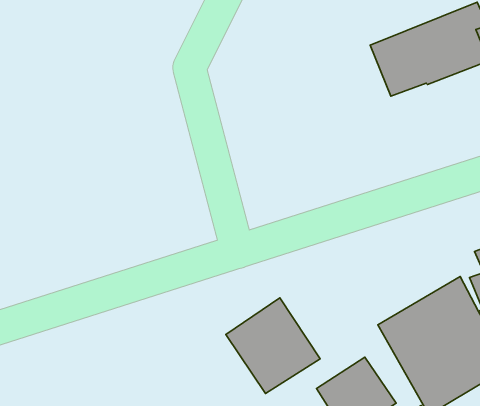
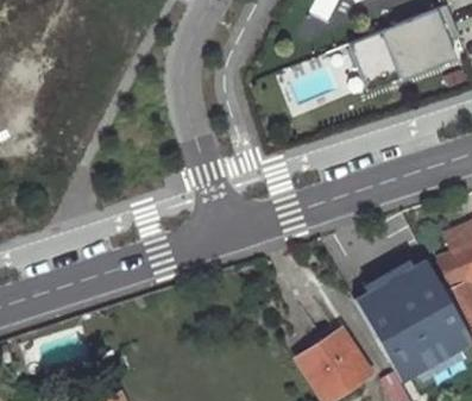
building: [226,298,320,393] -> none

